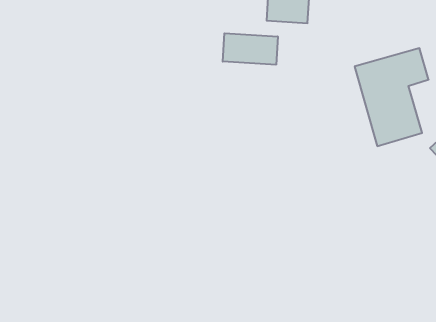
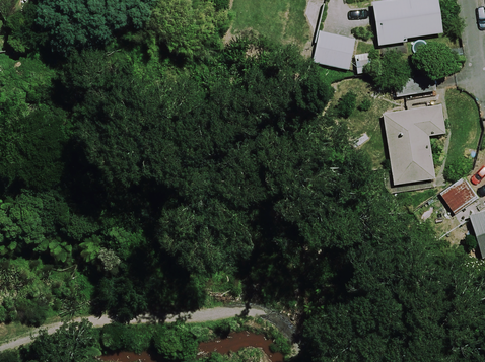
building: [223,33,278,65] -> none

